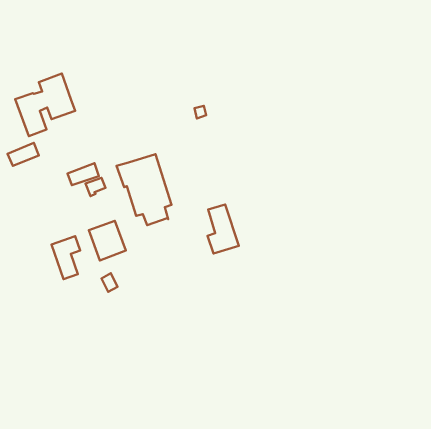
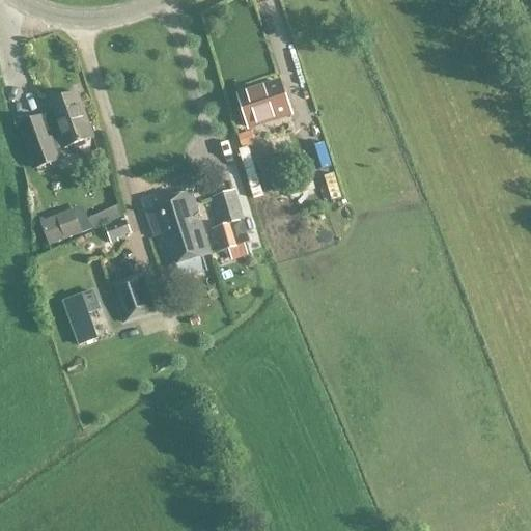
building: none -> [239,79,289,124]
building: [8,143,39,166] -> [43,214,81,242]
building: [207,204,239,254] -> [212,189,250,249]

